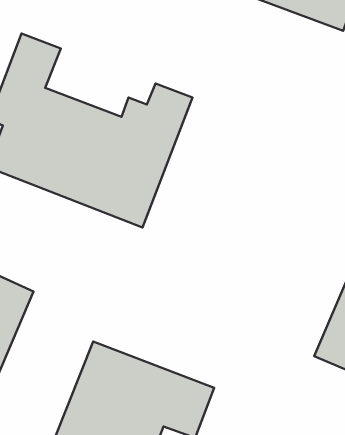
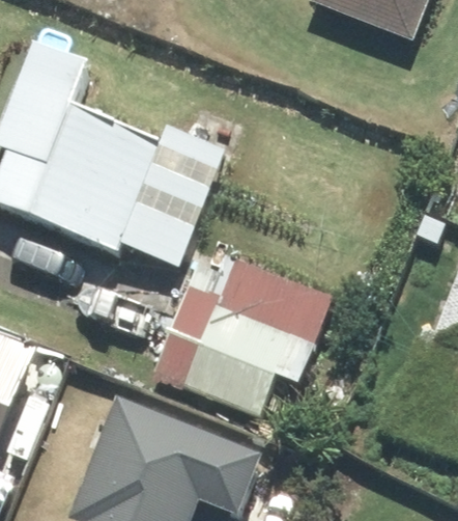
building: none -> [160,256,331,412]

